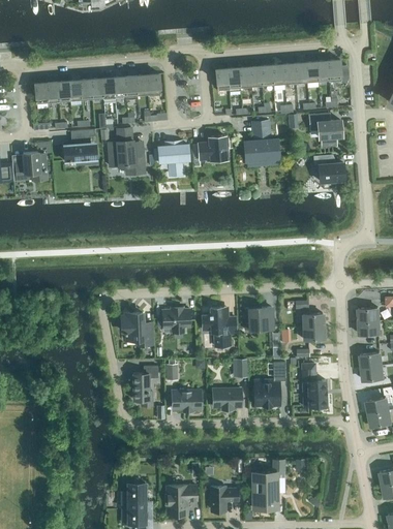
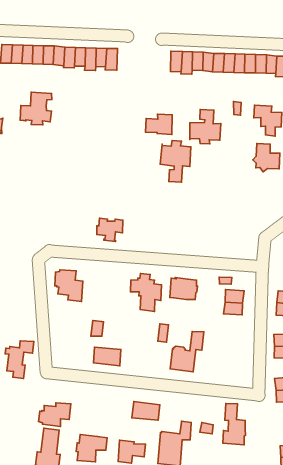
building: [108,128,144,174] -> none
building: [158,143,189,173] -> none
building: none -> [160,140,191,182]
building: [162,309,190,333] -> [97,218,123,242]
building: [302,364,327,407] -> [223,404,245,445]
building: [129,366,158,406] -> [5,341,34,379]
building: [213,390,241,407] -> [132,402,160,420]
building: none -> [38,403,71,426]

